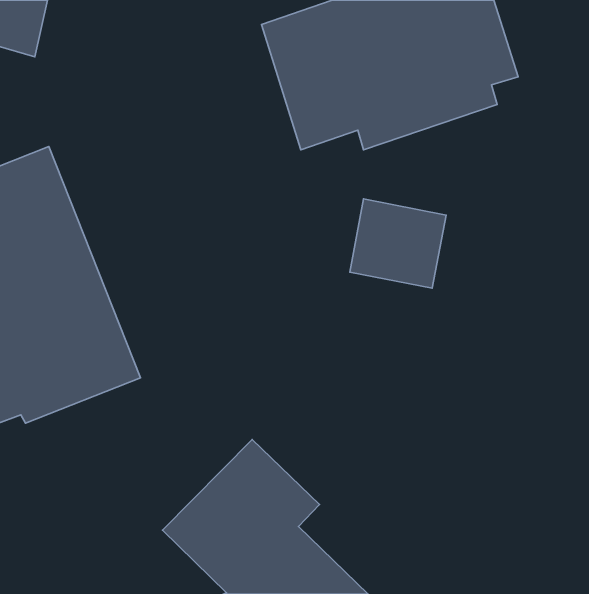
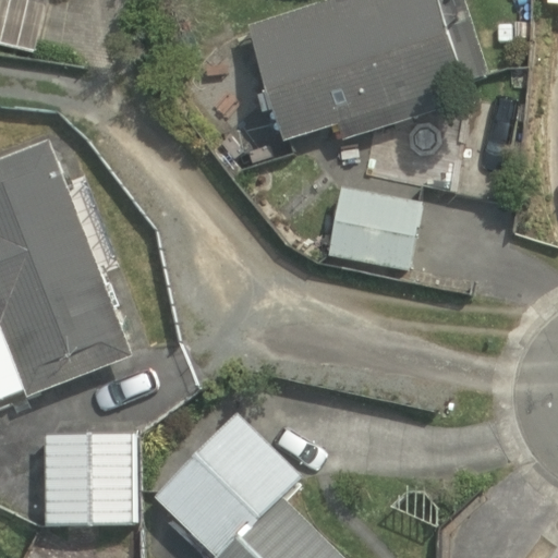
building: none -> [41,430,136,526]

